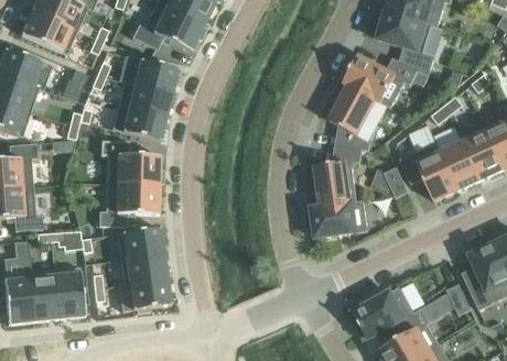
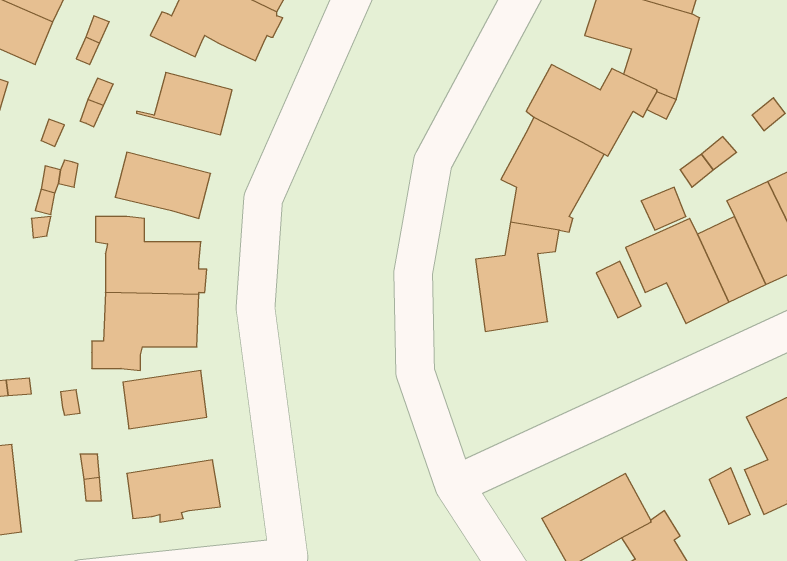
building: [119,81,172,116] -> none
building: [312,198,369,237] -> none
building: [119,253,168,285] -> none
building: [54,266,86,318] -> none

